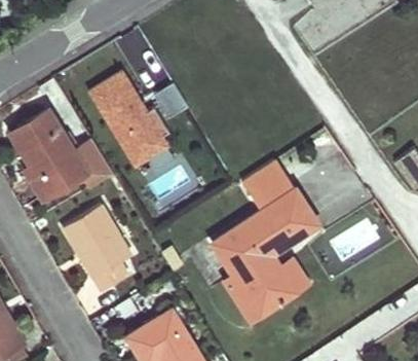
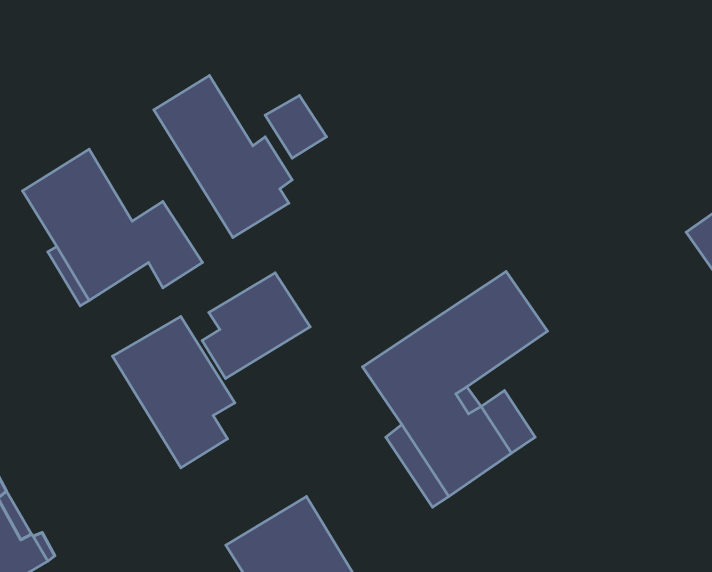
building: [237,158,290,207] -> none
building: none -> [202,273,310,379]

